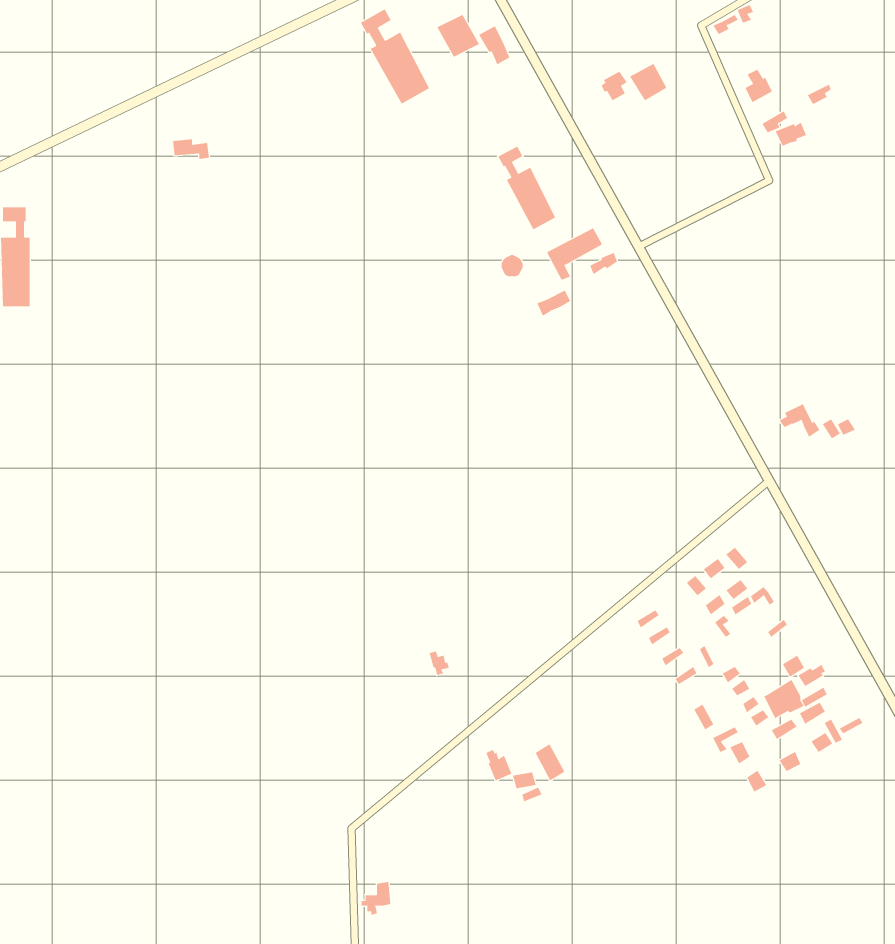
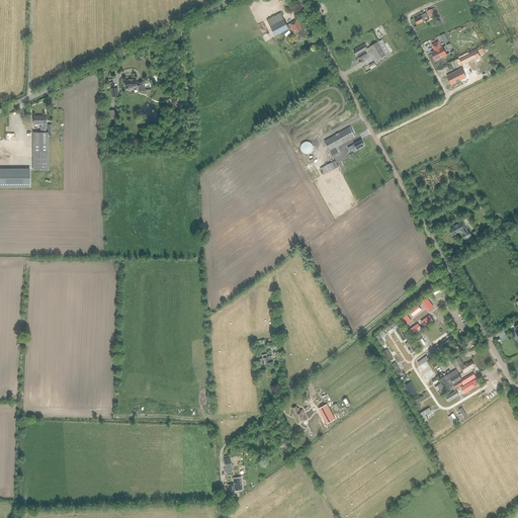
building: [360,9,430,104] -> none
building: [498,146,556,230] -> none

